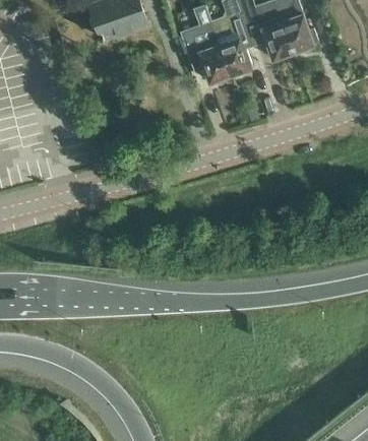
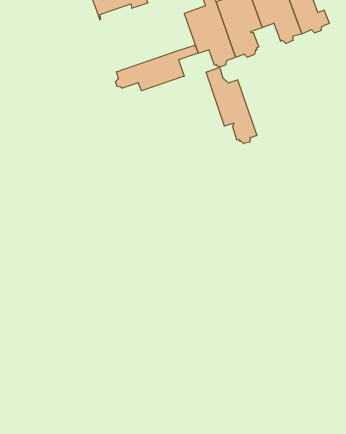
building: none -> [115,45,198,91]
building: none -> [206,67,257,144]

